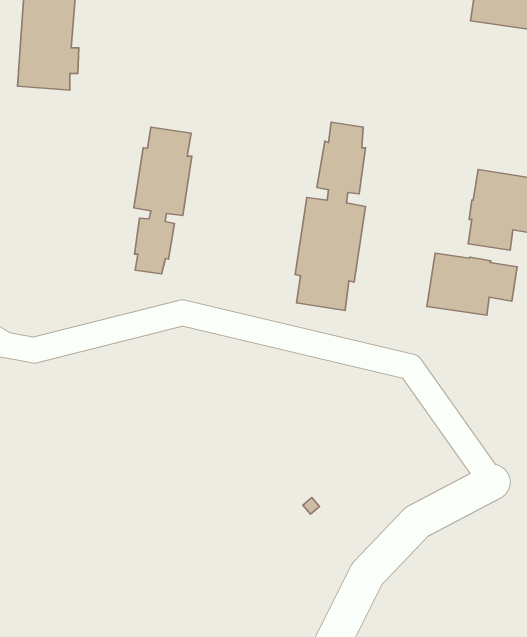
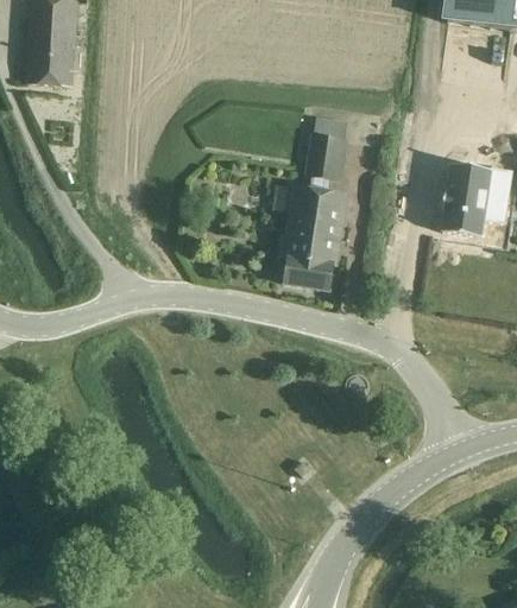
building: [134,127,192,274] -> none
building: [427,253,517,315] -> none

